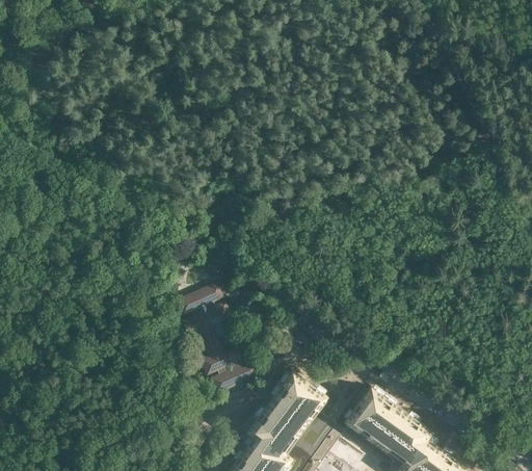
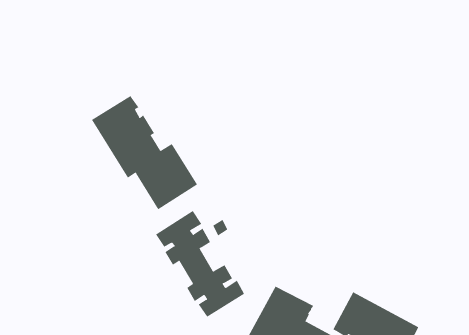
building: none -> [91,95,198,210]

